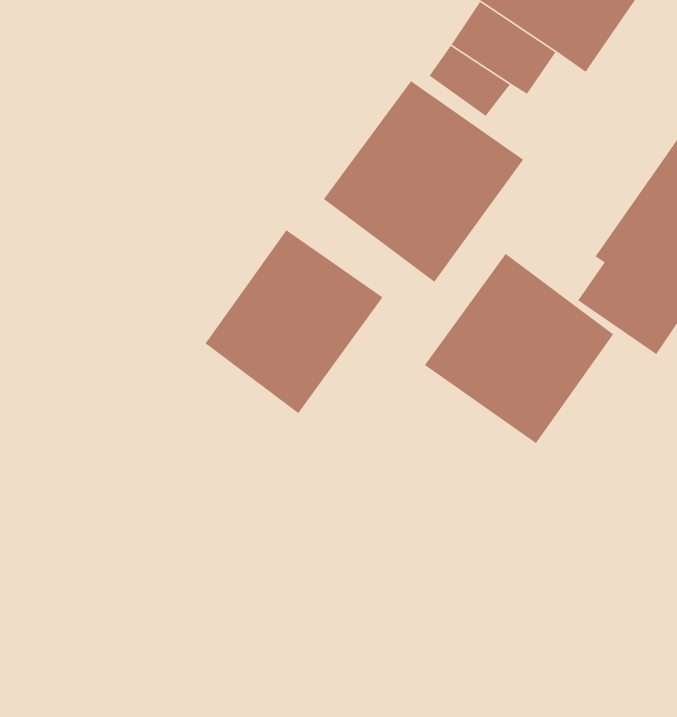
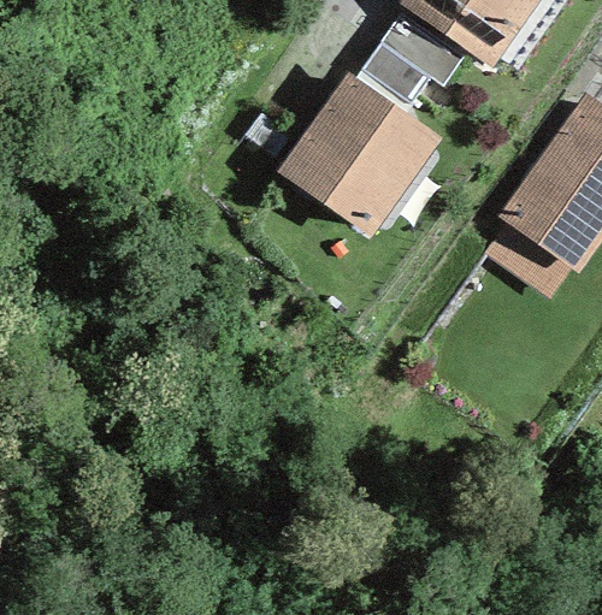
building: [205,229,383,414] -> none
building: [424,253,614,444] -> none

